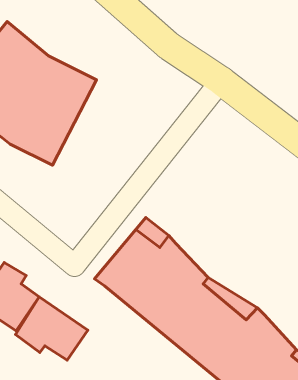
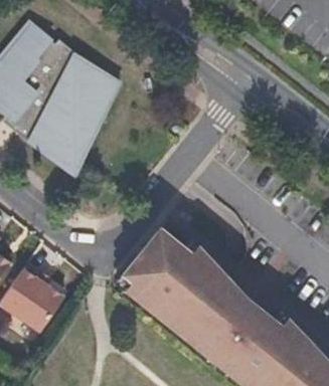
building: [15,297,88,360] -> none

